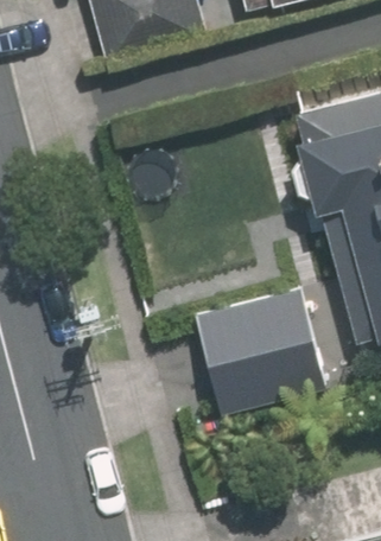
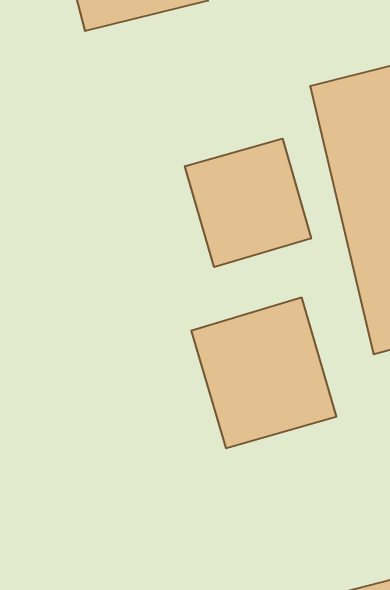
building: none -> [185,139,311,267]

